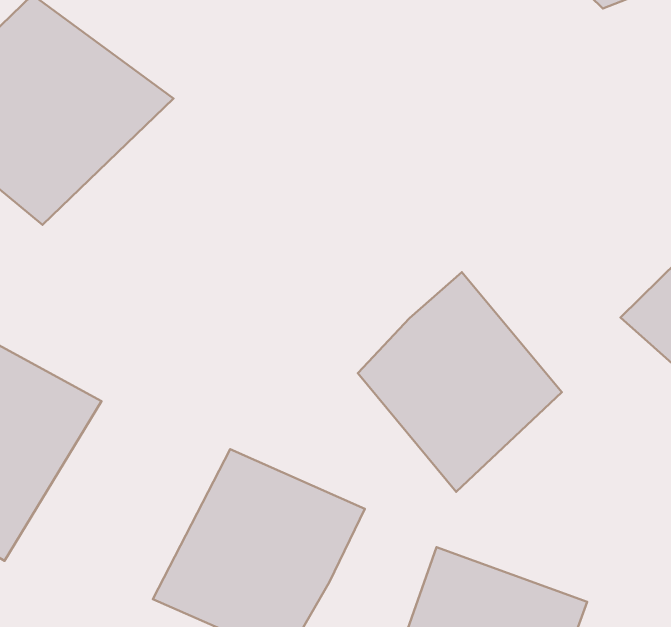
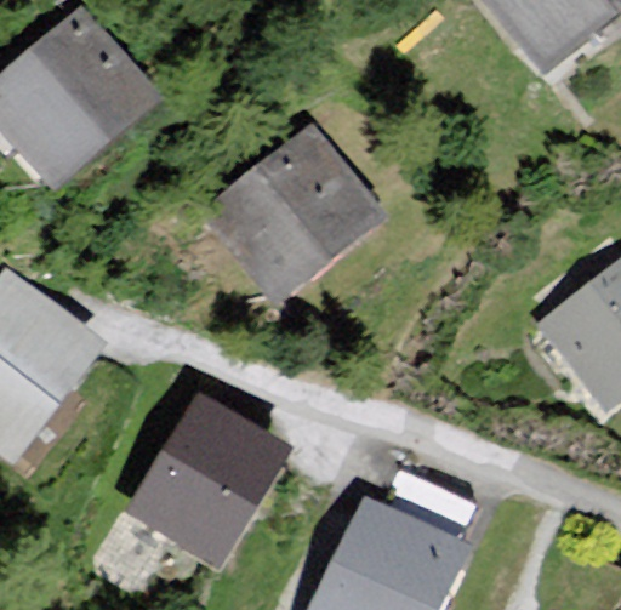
building: none -> [204,125,404,315]
building: [358,272,562,492] -> none

